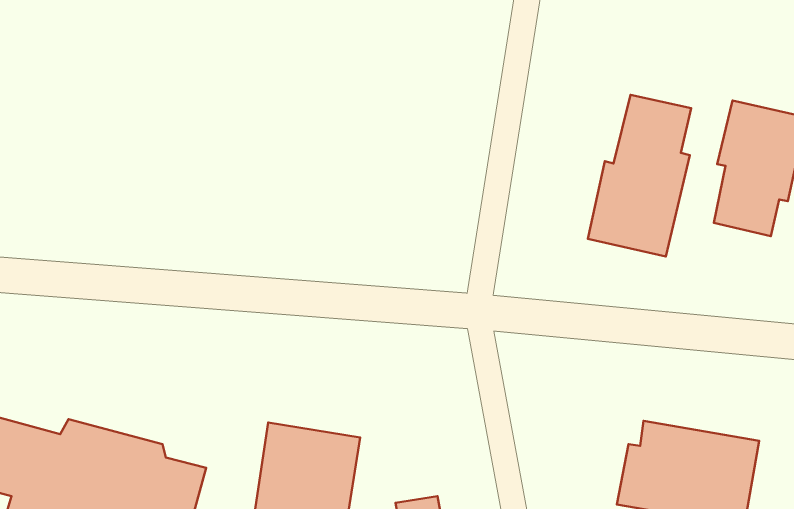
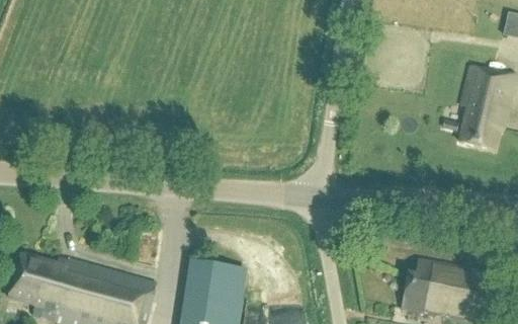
building: [588,95,691,257] -> none

